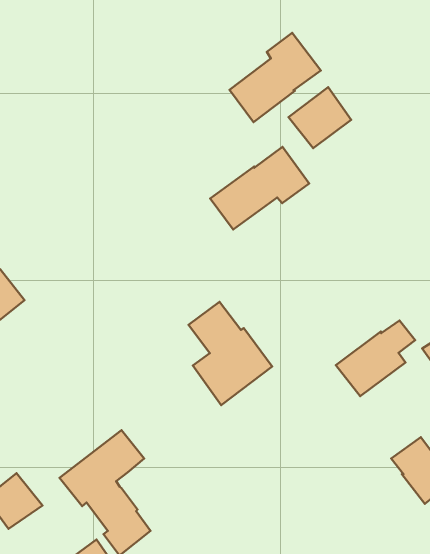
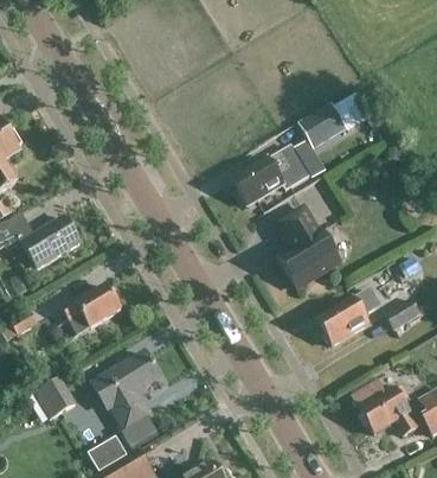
building: [230,33,321,122] -> none
building: [189,302,272,405] -> [277,206,339,287]
building: none -> [60,283,120,333]

